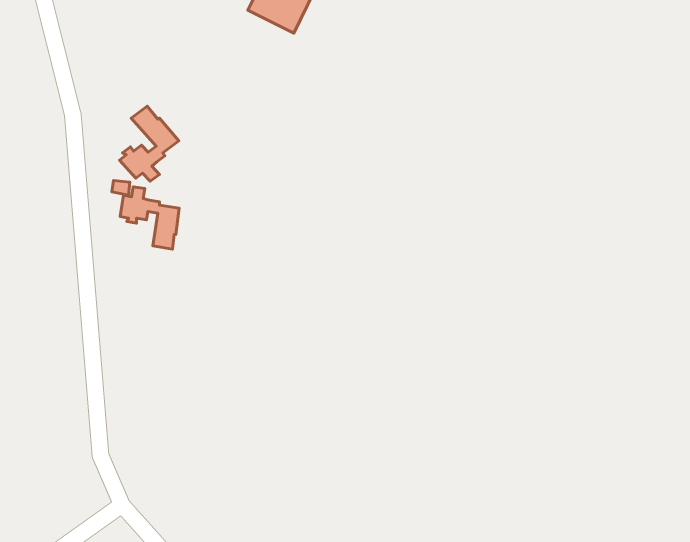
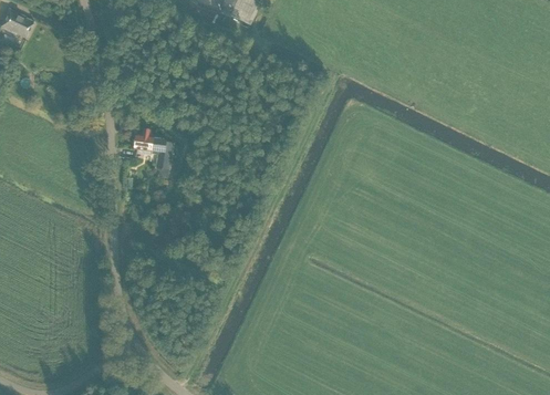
building: [120,106,179,181] -> none

